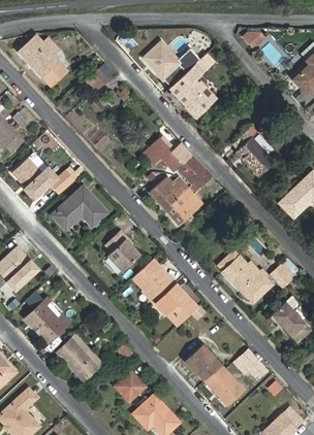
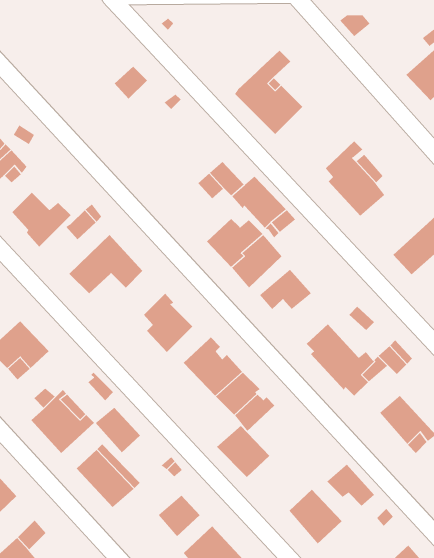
building: [17,35,63,82] -> none
building: [143,40,186,86] -> none
building: none -> [259,269,312,310]
building: none -> [95,407,141,453]
building: [185,345,223,382] -> [216,425,270,478]

